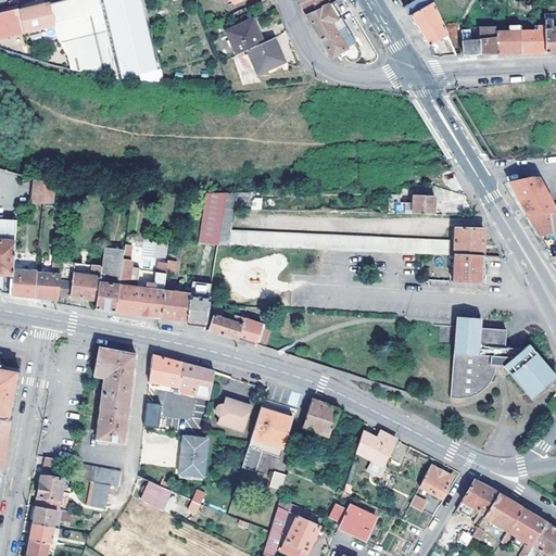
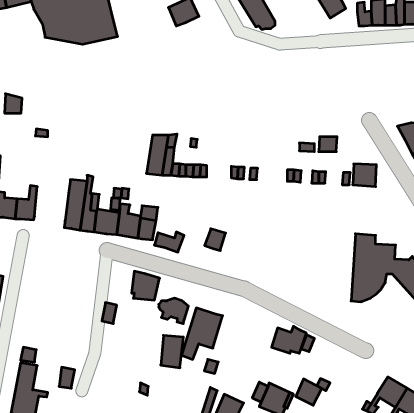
building: [247,40,285,75] -> none
building: [31,178,53,202] -> [5,94,22,113]
building: [453,254,483,283] -> none
building: [59,264,101,299] -> none
building: [237,317,263,344] -> [205,229,226,251]
building: [92,345,136,443] -> none
building: [149,354,182,389] -> none
building: [302,397,338,438] -> none
building: [178,435,206,476] -> [161,335,183,368]
building: [74,463,121,485] -> none
building: [419,464,452,496] -> [296,379,322,405]
building: [139,480,169,510] -> none
building: [462,480,497,514] -> none

